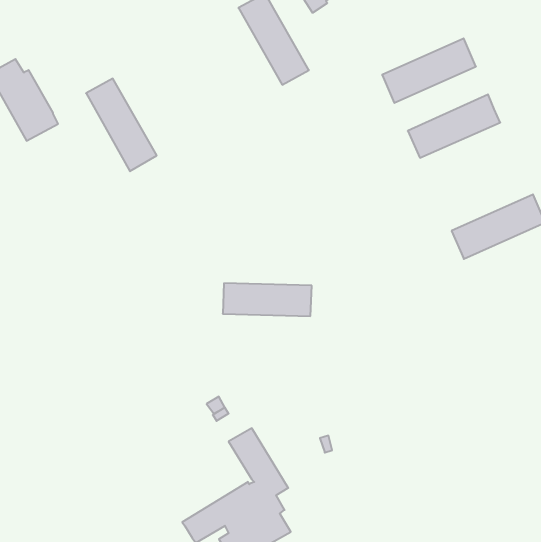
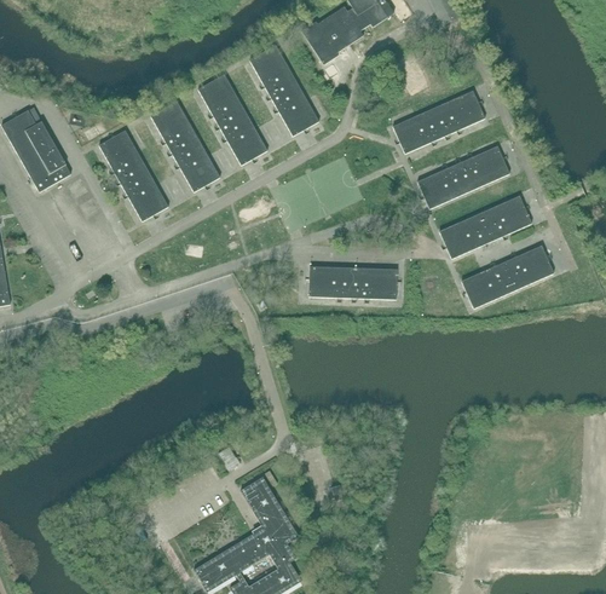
building: none -> [197,74,267,165]
building: none -> [150,100,220,191]
building: none -> [439,195,531,259]
building: [223,283,312,316] -> [308,266,397,299]

